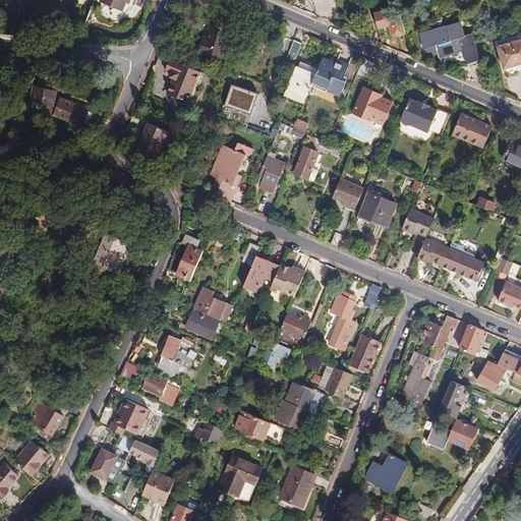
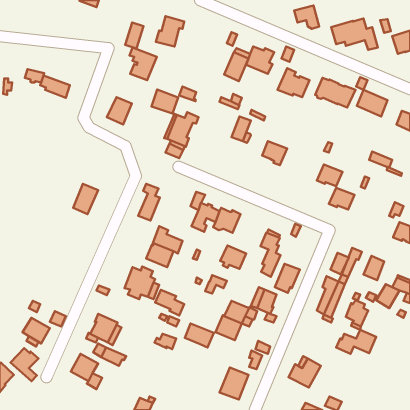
building: none -> [125,22,143,49]
building: [224,83,257,114] -> [152,89,178,114]
building: [257,152,284,193] -> none
building: [361,192,397,227] -> none
building: [441,242,483,281] -> none
building: [141,371,178,404] -> [155,290,184,315]
building: [218,456,262,497] -> none
building: [141,471,174,504] -> none

